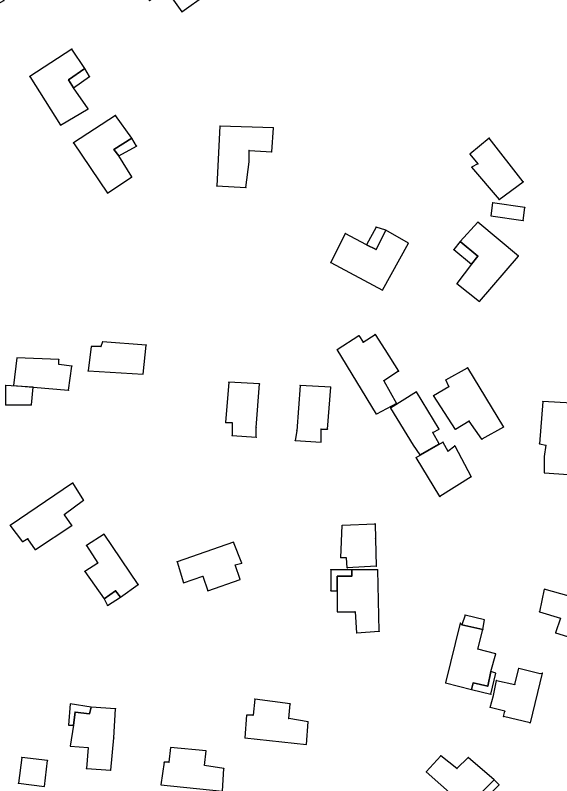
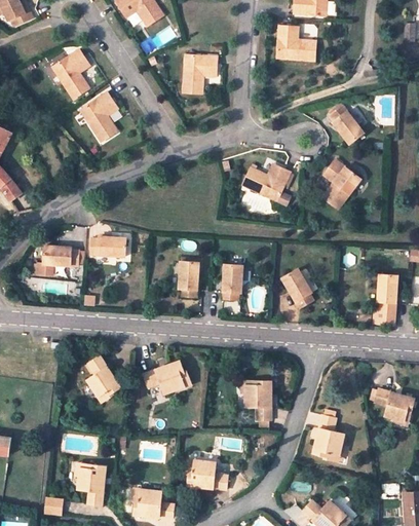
building: none -> [278,27,318,61]
building: [217,126,273,188] -> [182,53,218,92]
building: [337,334,399,414] -> none
building: [434,368,504,439] -> none
building: [416,442,471,497] -> none
building: [10,483,83,550] -> none
building: [341,524,376,568] -> none
building: [490,668,542,723] -> none

